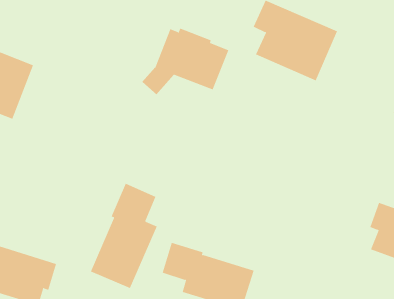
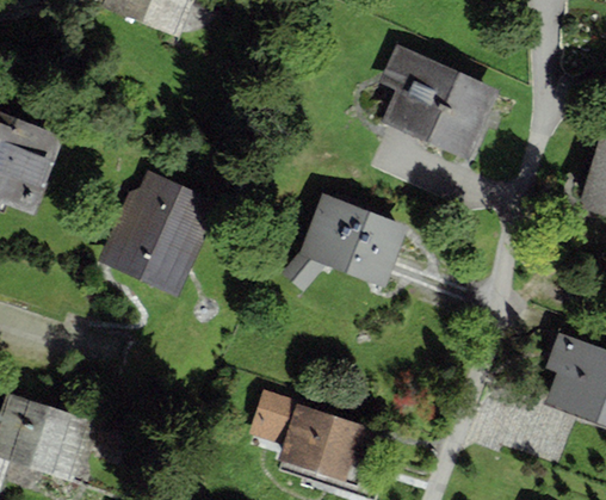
building: [142,28,229,95] -> [282,196,407,292]
building: none -> [99,172,218,295]
building: [90,183,157,289] -> none

